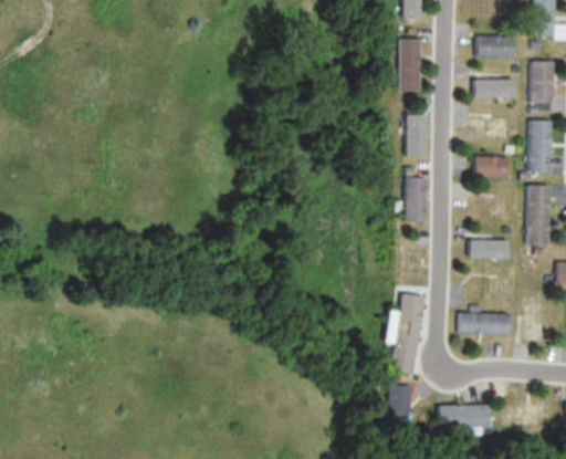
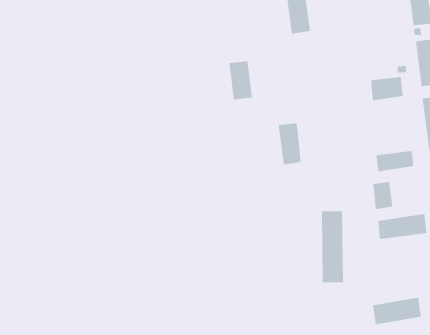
building: [474,79,515,98] -> none
building: [402,114,426,157] -> [229,61,253,100]
building: [401,177,424,222] -> [278,123,302,165]
building: none -> [373,181,393,210]
building: [385,384,411,428] -> none

